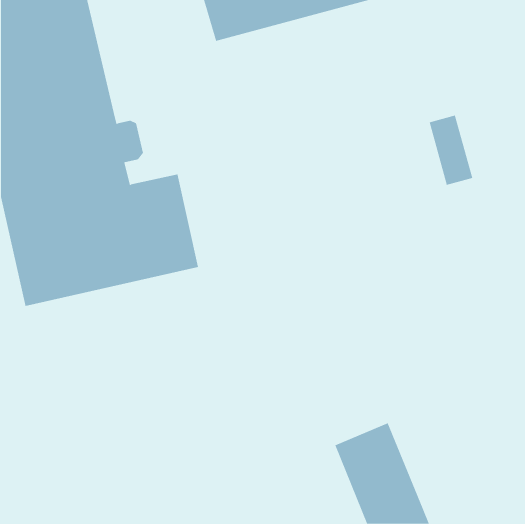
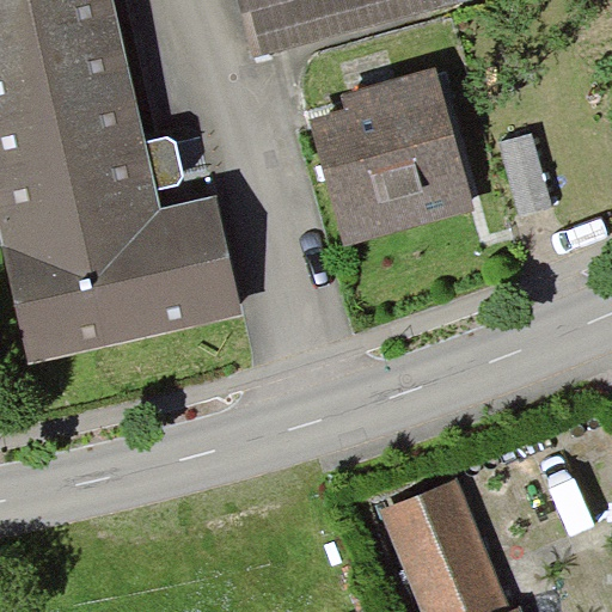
building: none -> [317,84,459,237]

